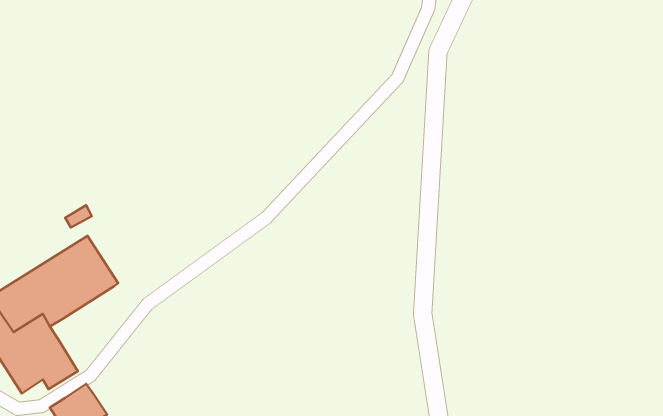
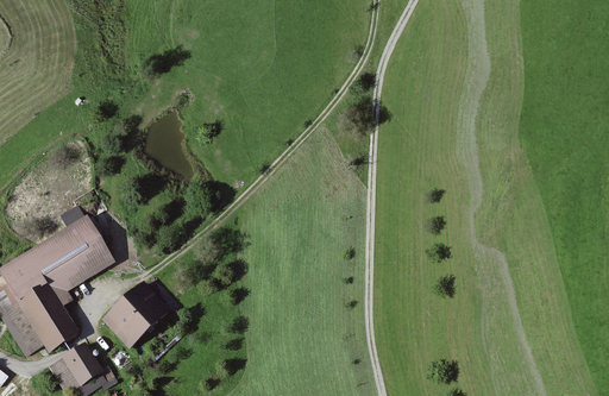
building: none -> [106,283,168,344]

